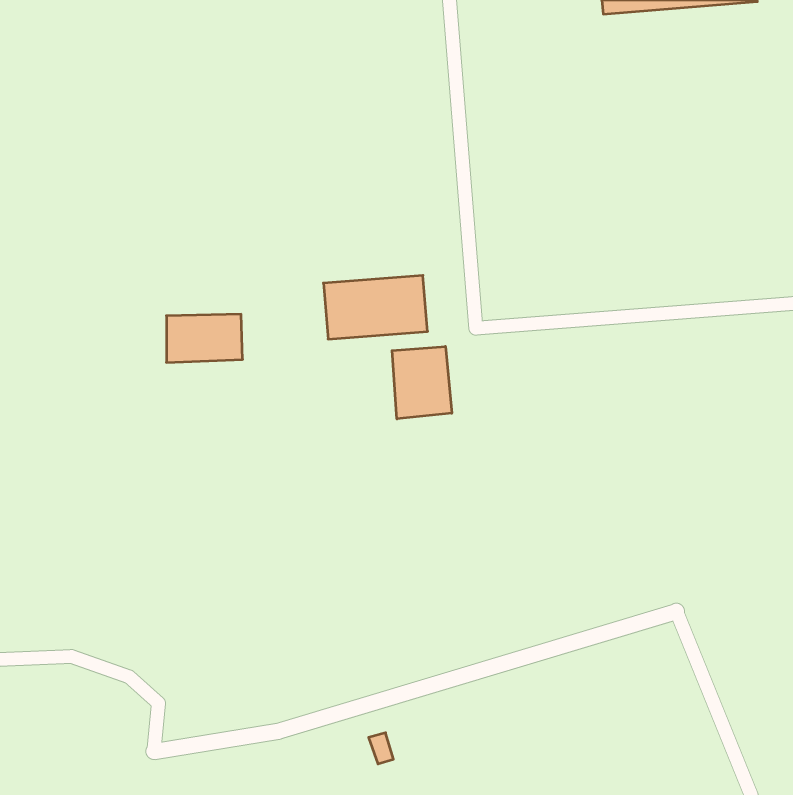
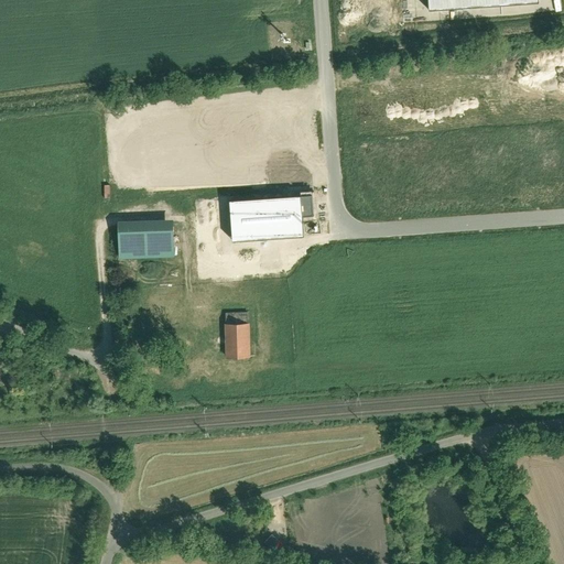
building: [392,346,452,419] -> none
building: none -> [225,324,249,357]

